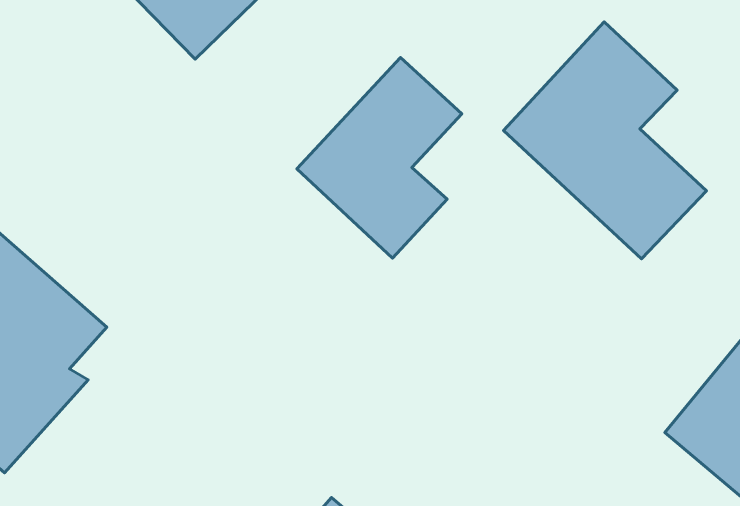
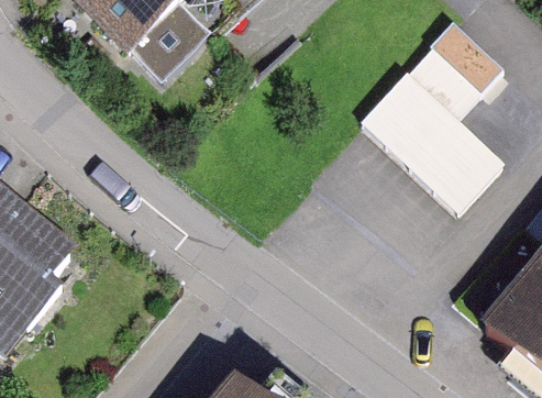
building: [297,58,462,258] -> none

